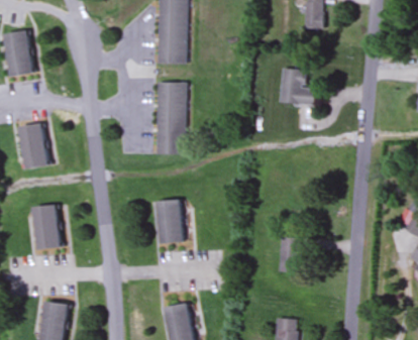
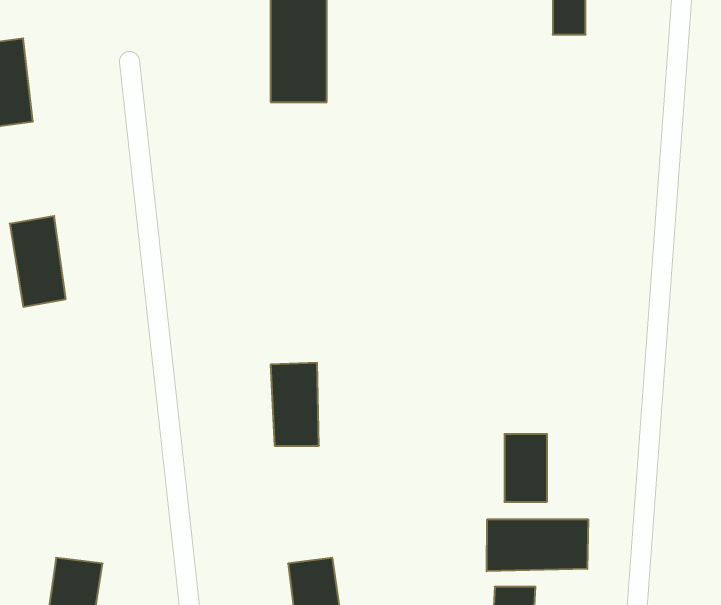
building: [280,70,314,105] -> none
building: [155,83,185,155] -> none
building: [34,207,60,250] -> none
building: none -> [487,519,588,571]

